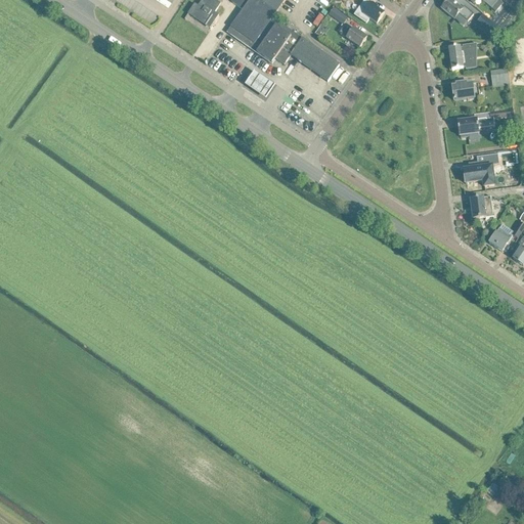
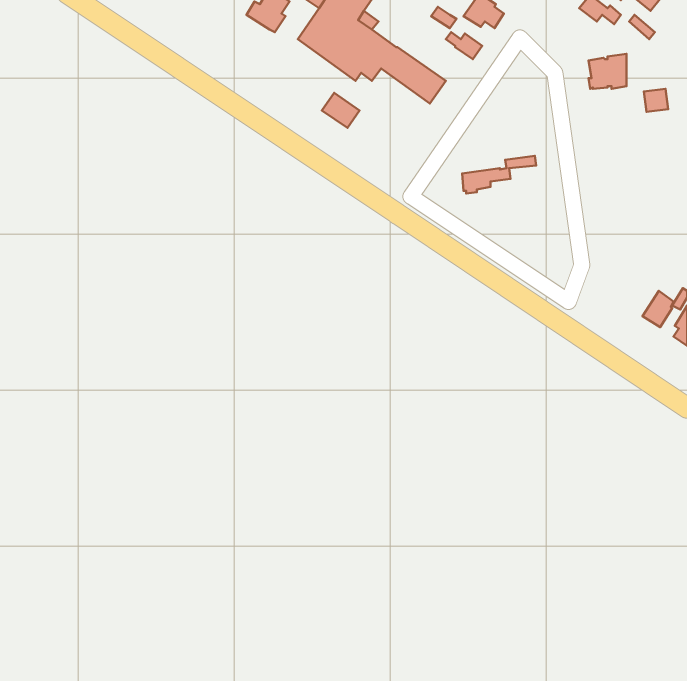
building: [451,80,478,98] -> none
building: [456,106,513,135] -> [462,156,536,194]
building: [463,151,498,184] -> none
building: [468,194,492,217] -> none

